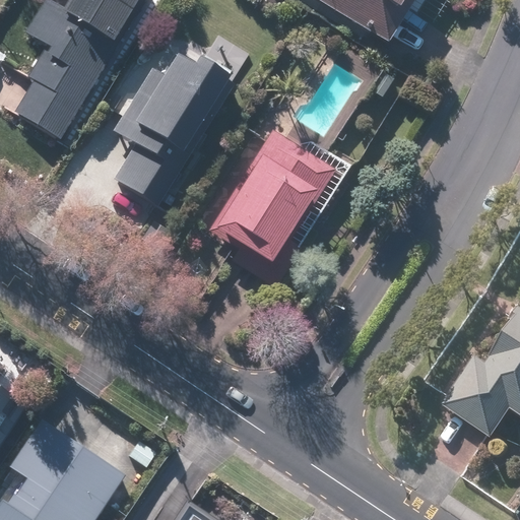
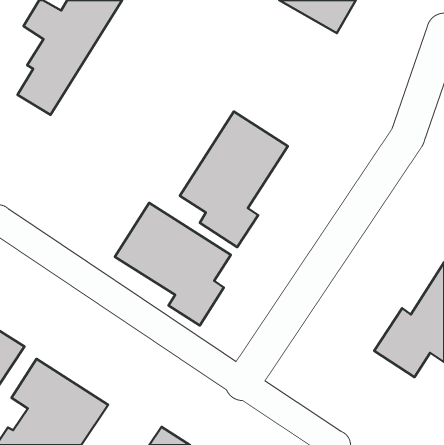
building: [119,47,238,197] -> none
building: none -> [115,203,231,325]

